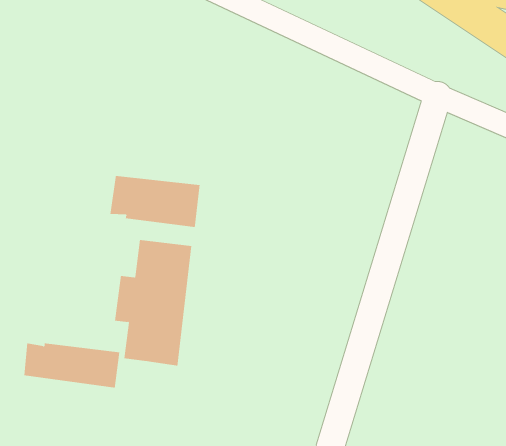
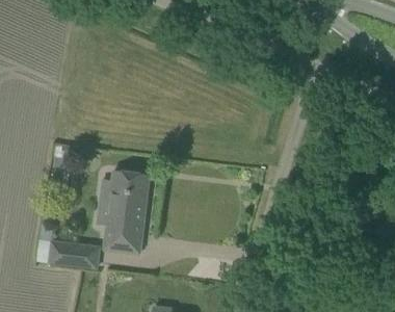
building: [110,175,200,228] -> none

